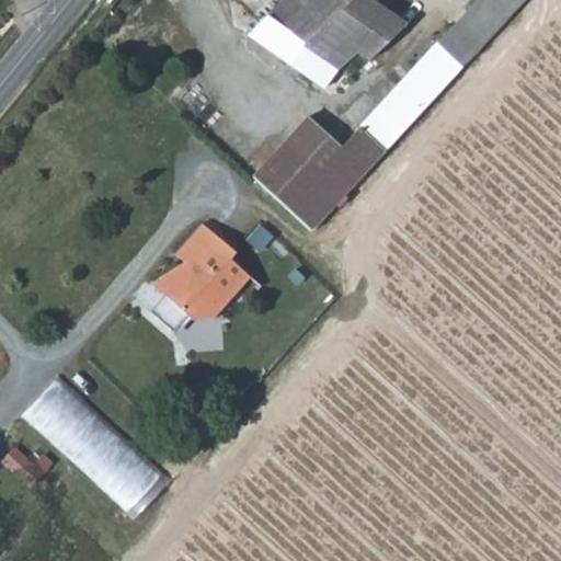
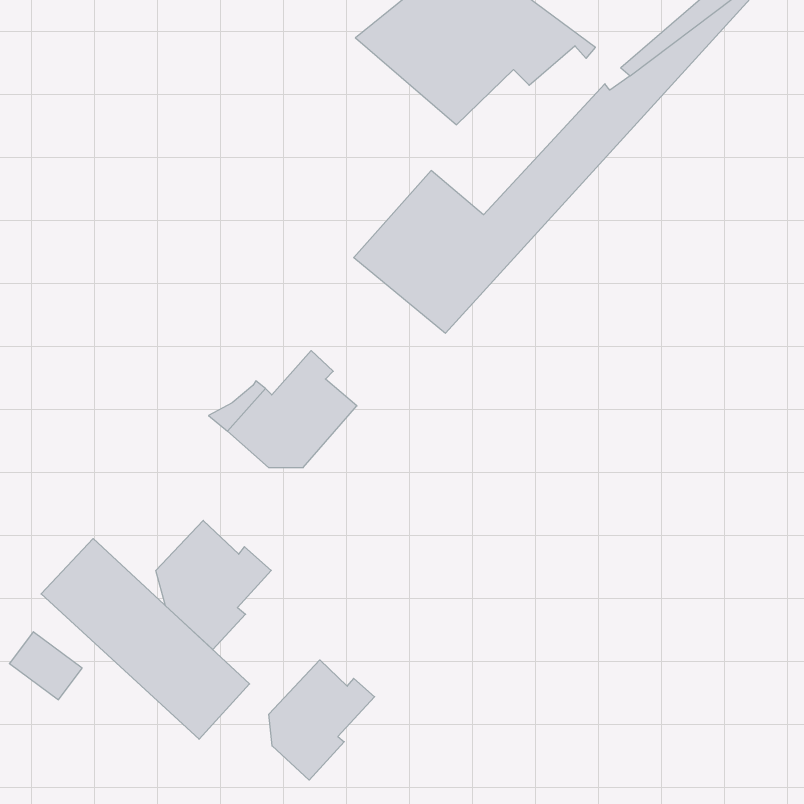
building: [172,227,218,274] -> none
building: none -> [156,520,271,650]
building: none -> [269,660,375,780]

